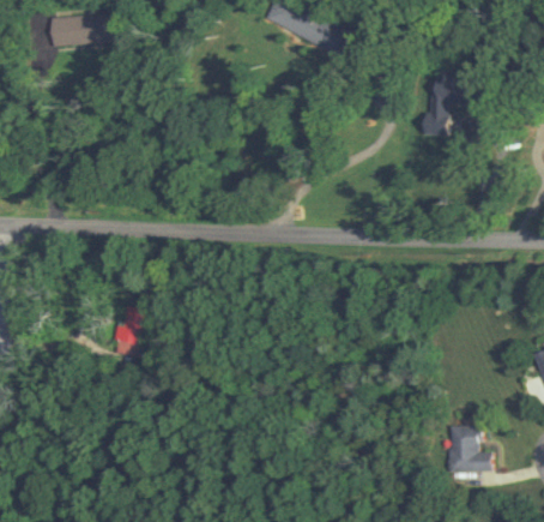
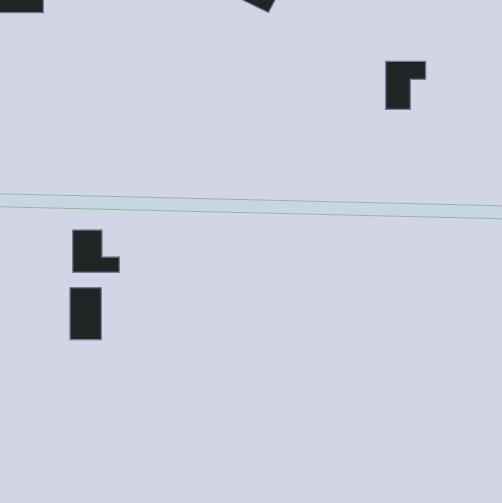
building: none -> [73,230,119,272]
building: [451,424,490,470] -> none

